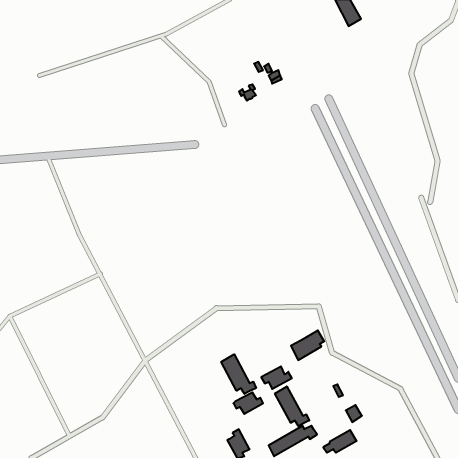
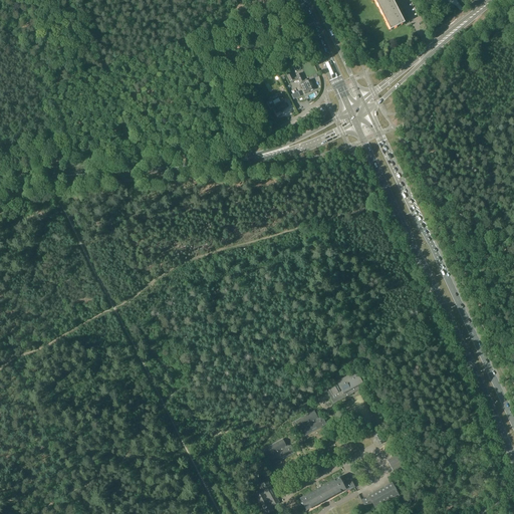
building: [221,354,256,394] -> none
building: [275,386,309,426] -> none

